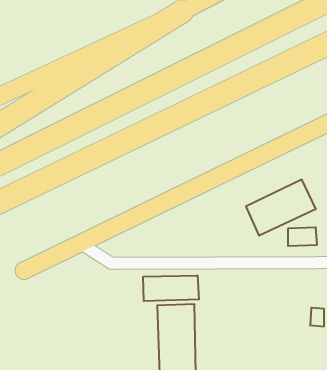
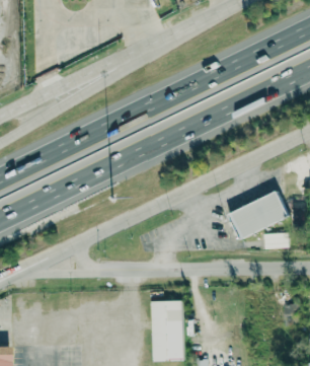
building: [143,275,199,301] -> none

